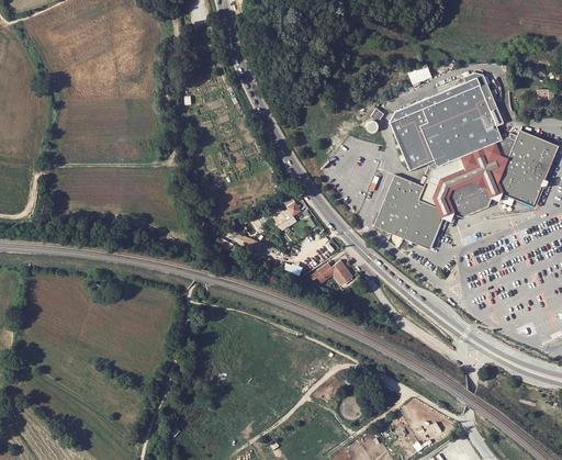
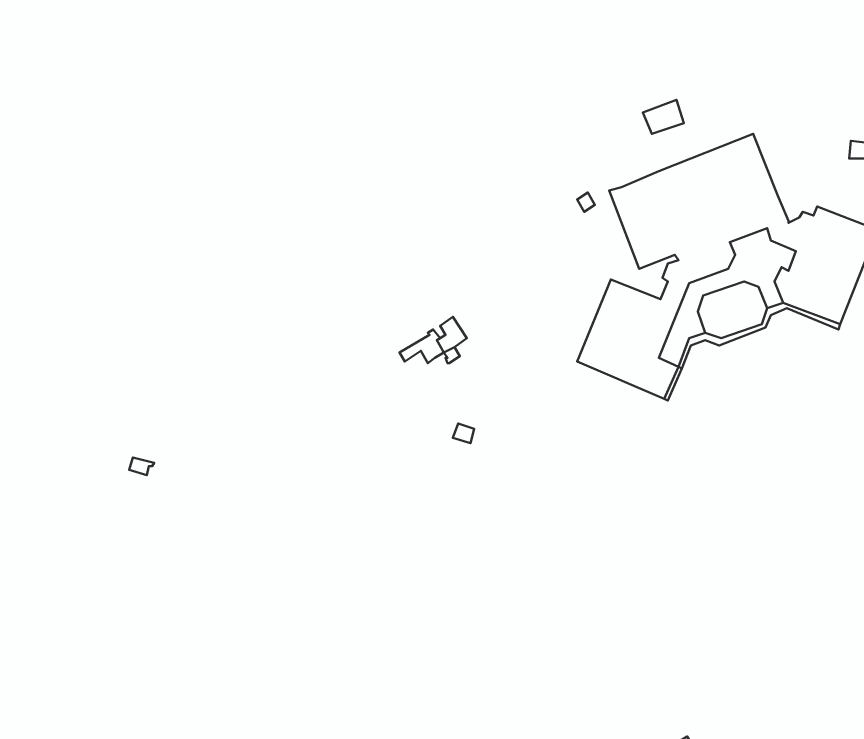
building: [392,75,503,124] -> none
building: [314,261,357,287] -> none

